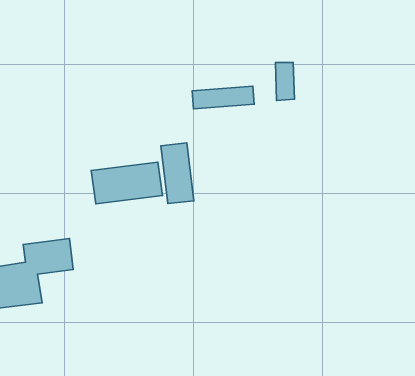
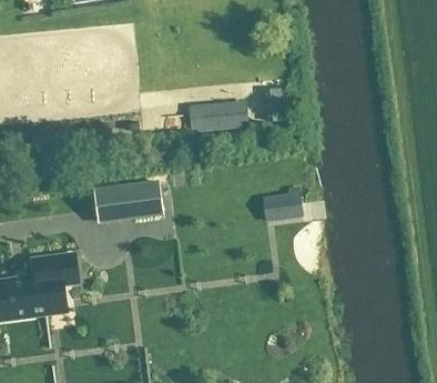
building: [161,143,194,204] -> none
building: none -> [263,188,301,218]

